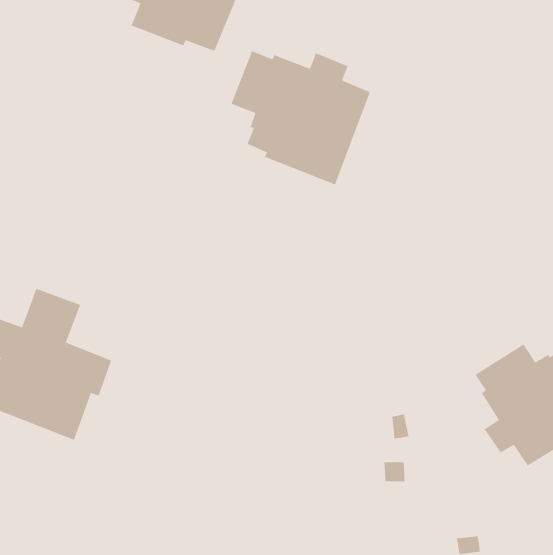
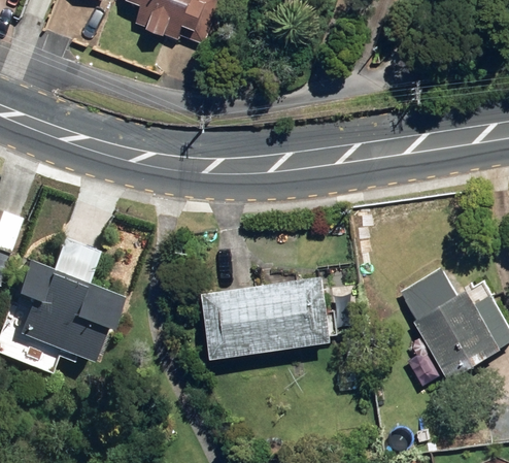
building: [231,50,371,185] -> none
building: none -> [203,273,341,355]

